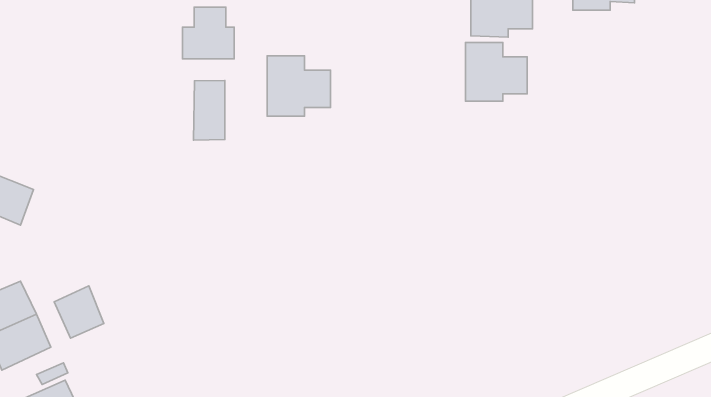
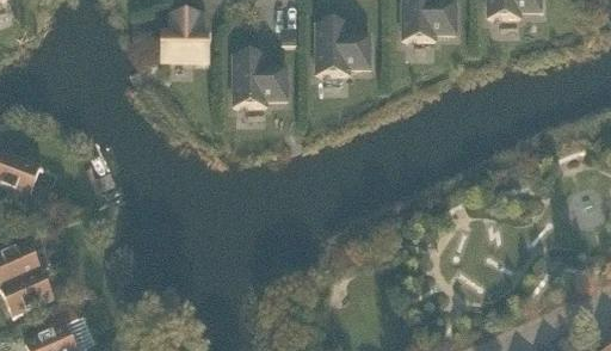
building: [466,42,527,101] -> [317,21,369,70]
building: [193,80,225,140] -> none
building: [54,286,104,338] -> none

